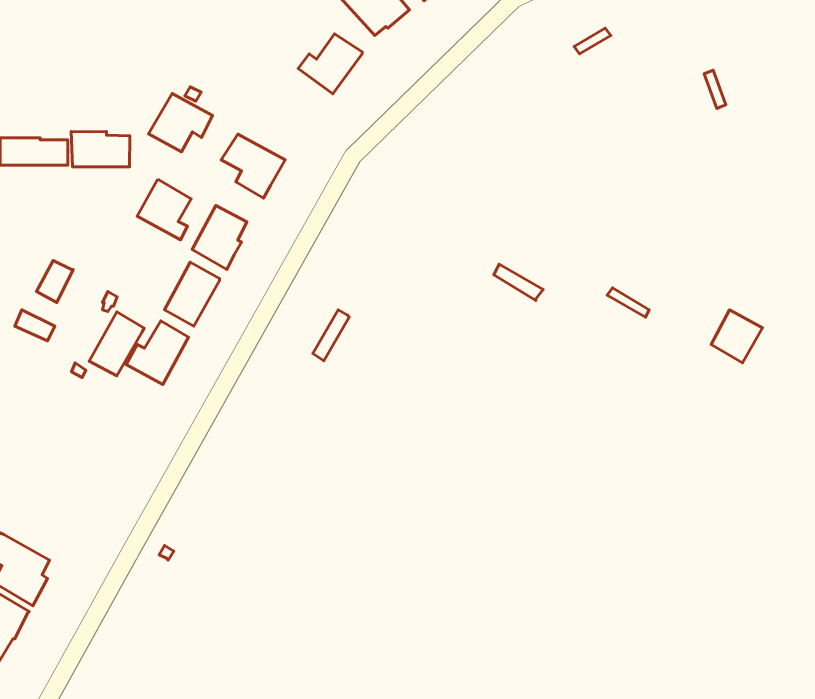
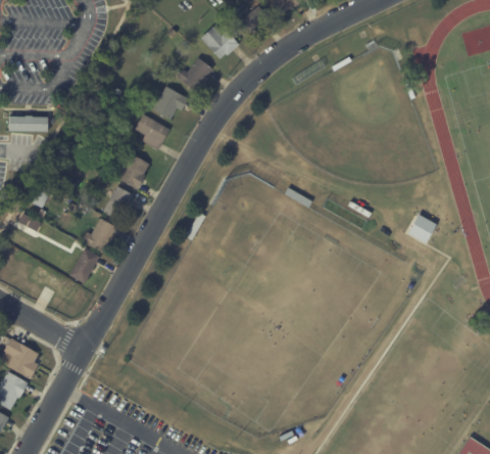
building: [149,93,213,152] -> [152,86,188,119]
building: [71,131,130,167] -> none
building: [137,180,191,240] -> none
building: [89,312,144,376] -> [68,247,99,283]

